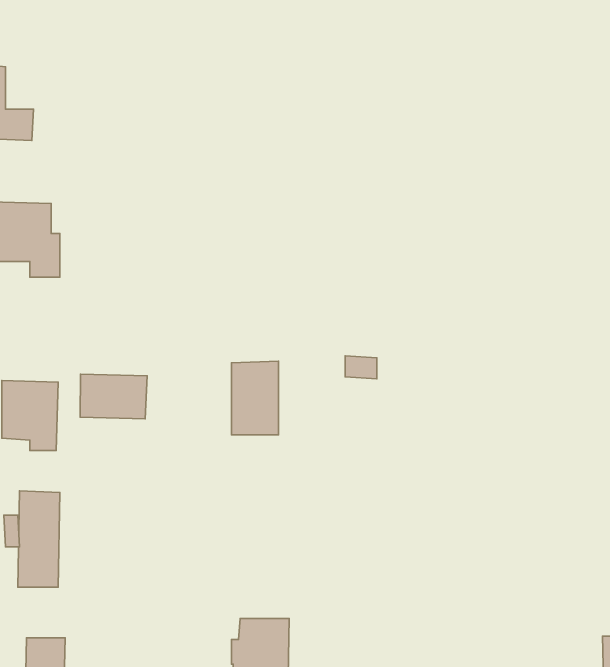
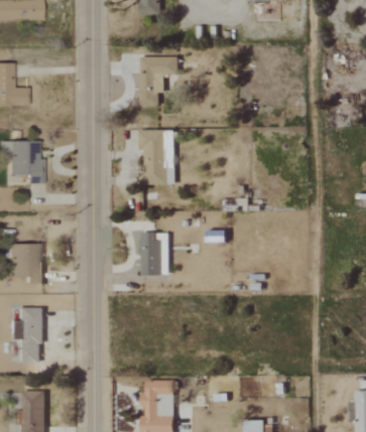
building: none -> [139,55,177,106]
building: none -> [138,130,174,184]
building: [80,374,147,419] -> none

